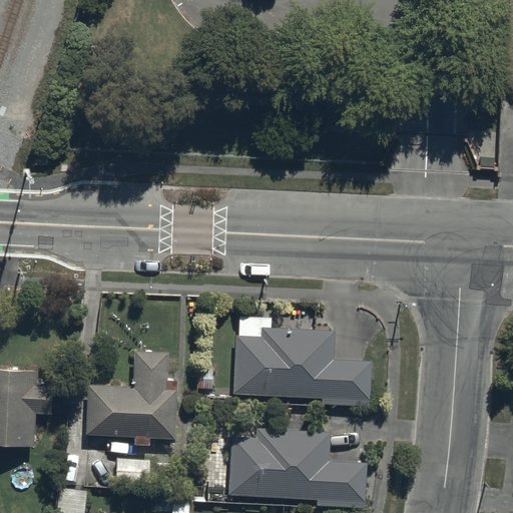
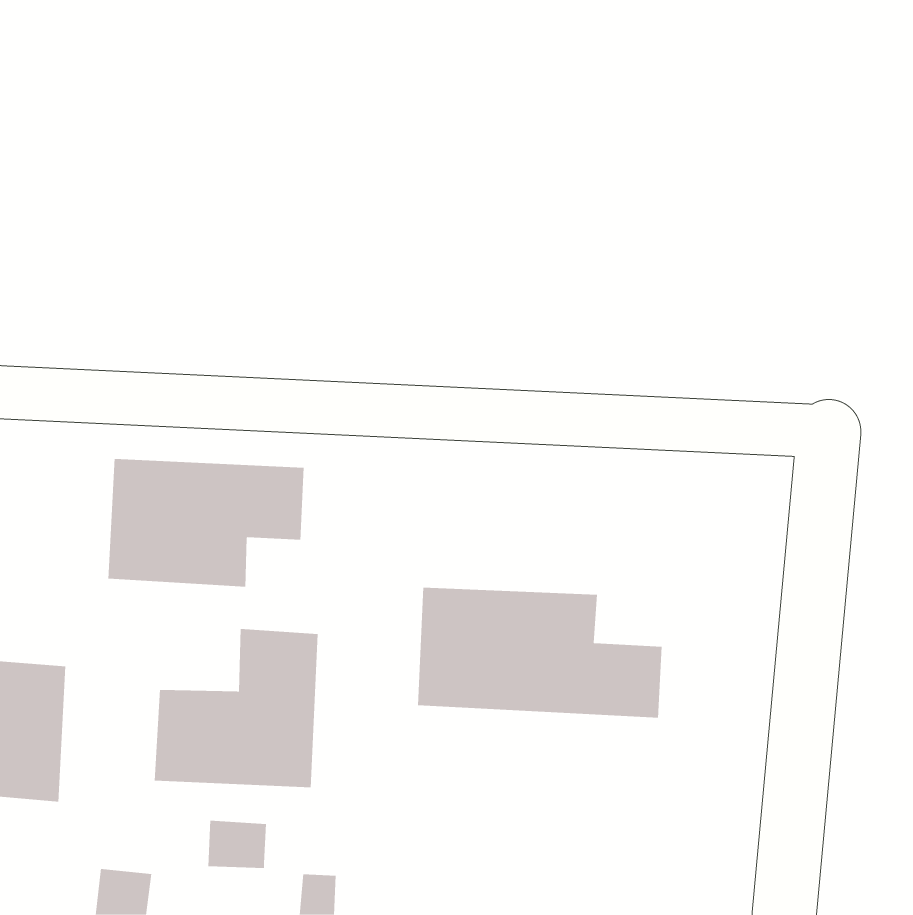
building: none -> [108,458,304,588]
building: [229,427,368,502] -> none

